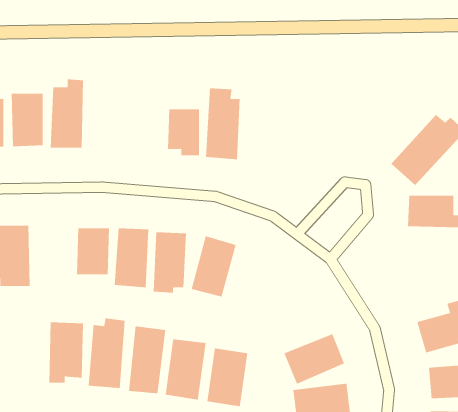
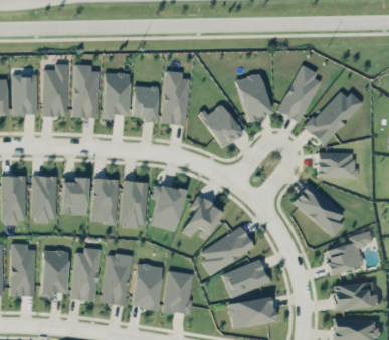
building: none -> [72,64,99,118]
building: none -> [278,64,320,123]
building: none -> [103,72,130,119]
building: none -> [236,73,271,121]
building: none -> [200,102,247,147]
building: none -> [32,176,57,221]
building: none -> [294,183,347,235]
building: none -> [180,197,224,239]
building: none -> [201,227,255,274]
building: none -> [10,243,36,296]

